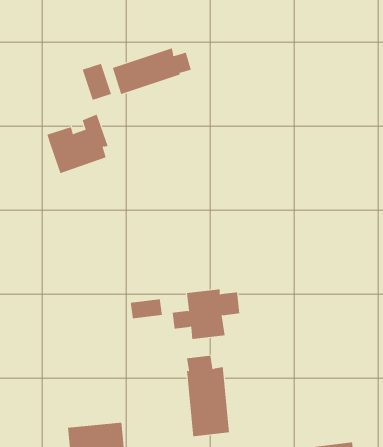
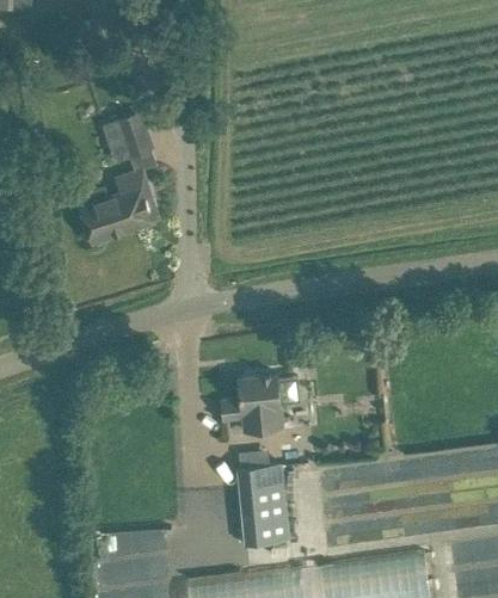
building: [112,47,192,95] -> none
building: [130,298,162,319] -> none

